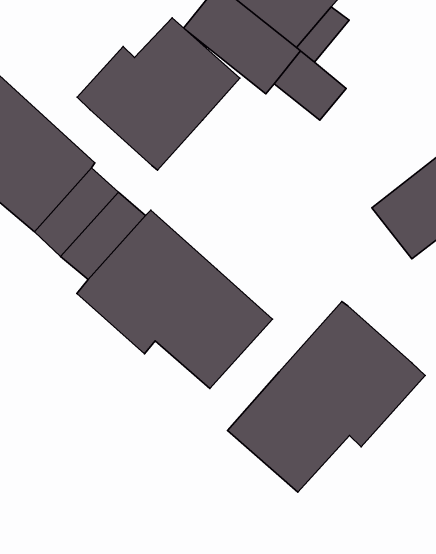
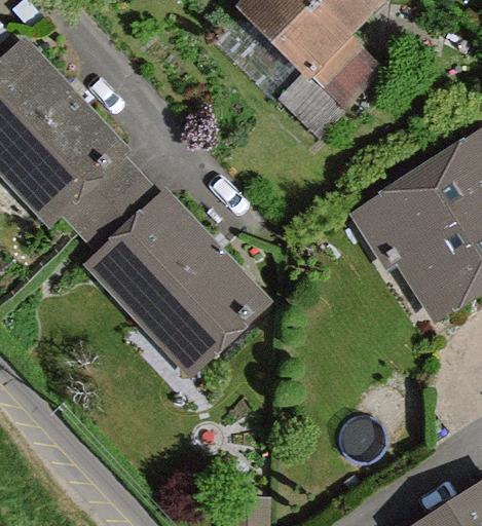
building: [77,18,240,170] -> none
building: [228,301,425,492] -> none

